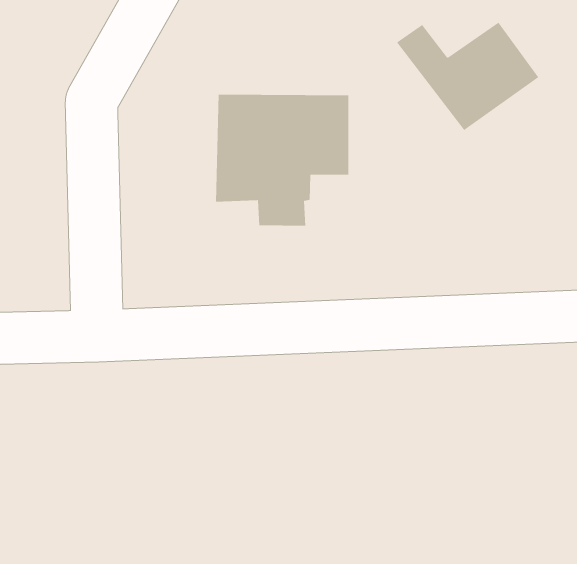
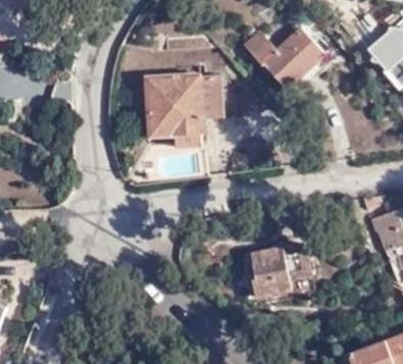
building: none -> [252,245,311,301]

